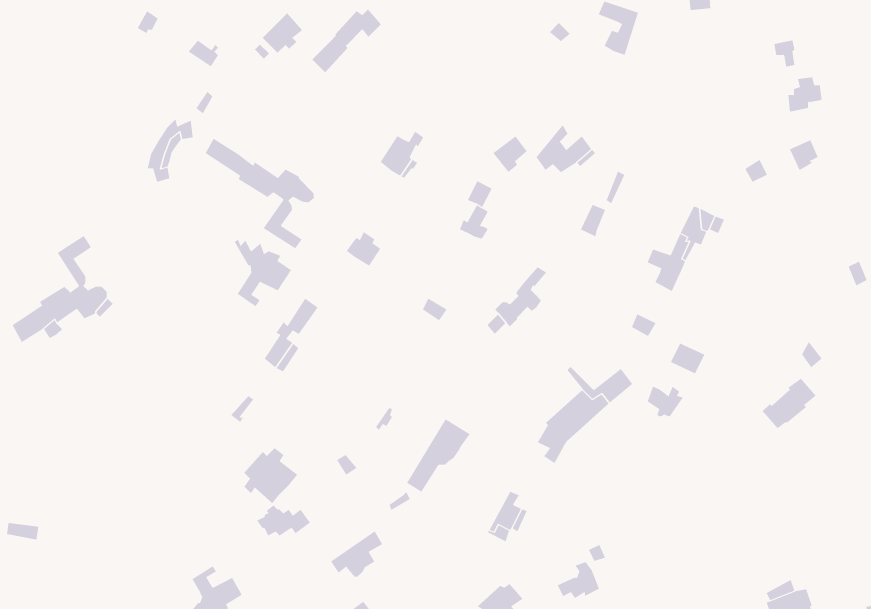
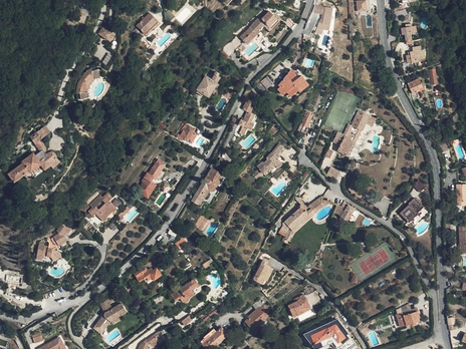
building: [312,9,382,73] -> [240,10,276,43]
building: [205,138,315,249] -> none
building: [234,239,292,307] -> none
building: [406,418,471,493] -> [192,166,225,205]
building: none -> [39,228,72,254]
building: [243,447,298,504] -> [92,197,121,226]

